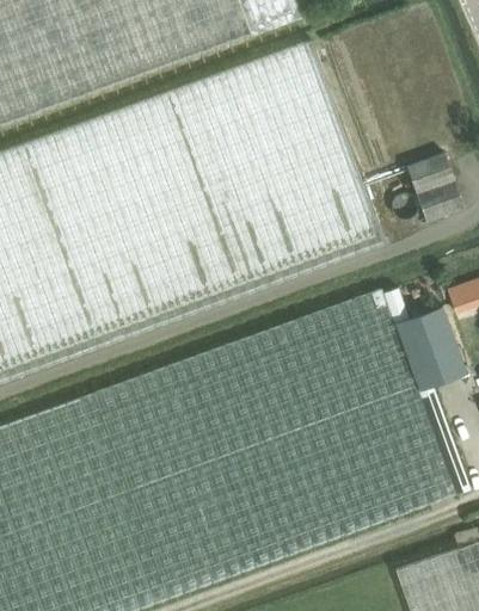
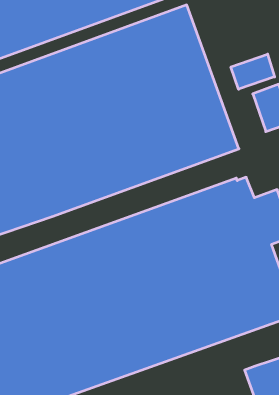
building: none -> [231,54,275,89]

